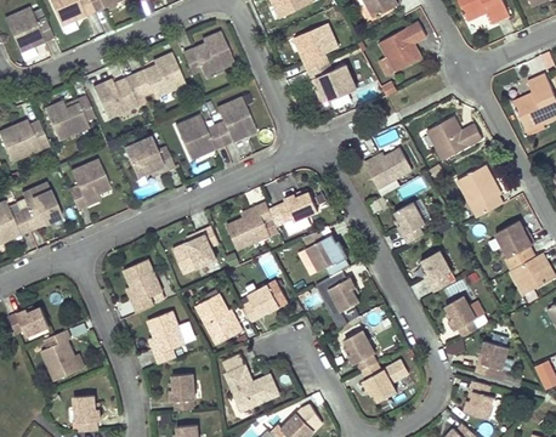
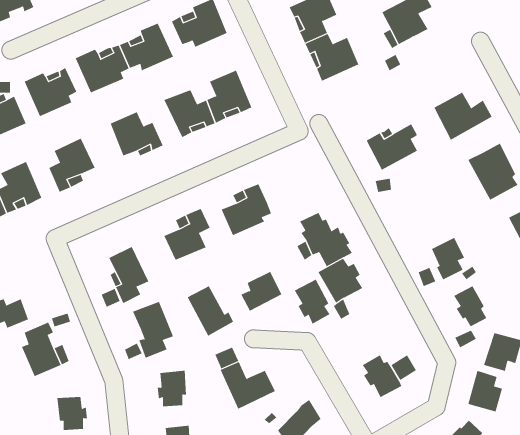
building: [277,189,317,222] -> none
building: [395,202,426,243] -> none
building: [342,328,376,370] -> [294,279,330,325]

